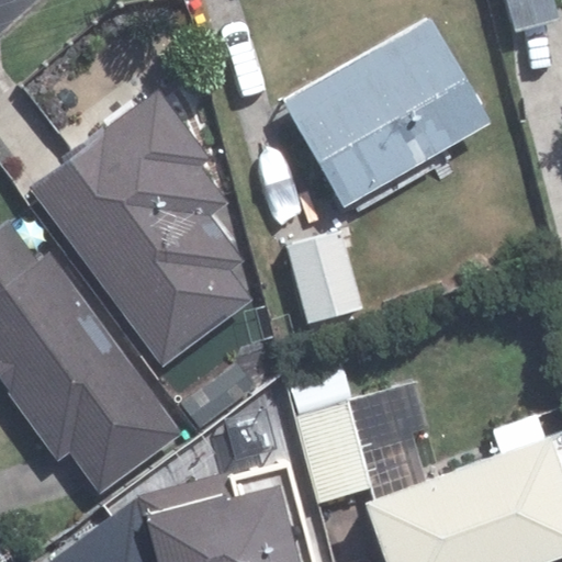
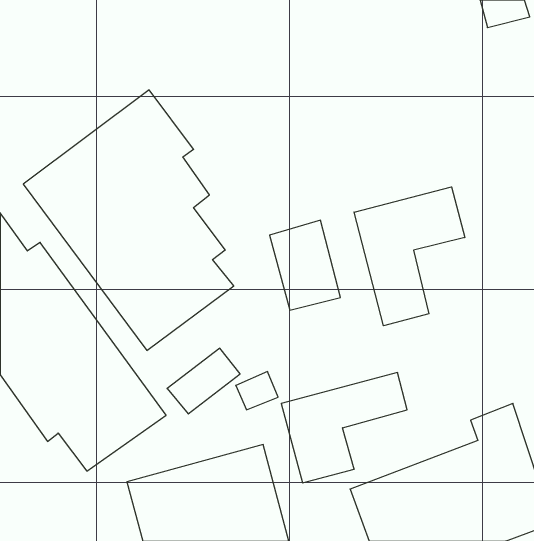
building: [282,19,484,202] -> none
building: none -> [354,187,465,326]

